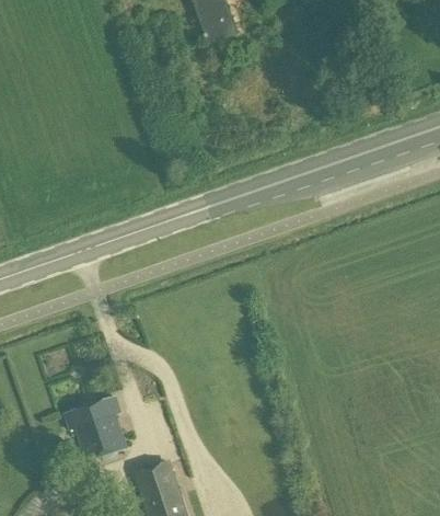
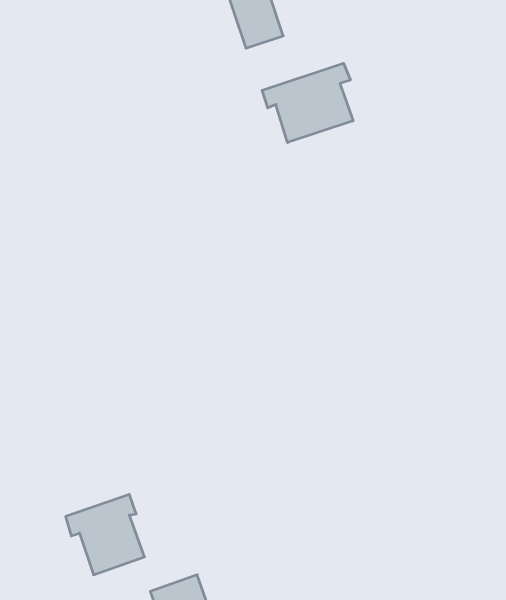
building: none -> [262,63,353,143]

